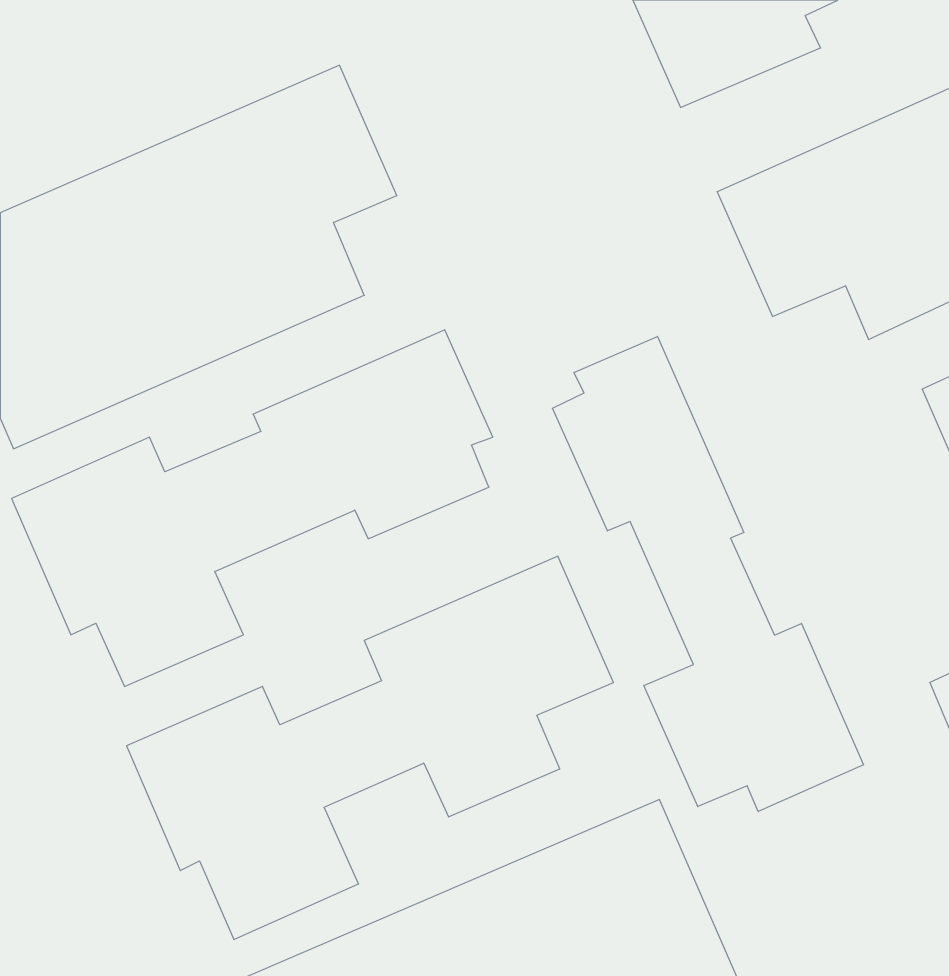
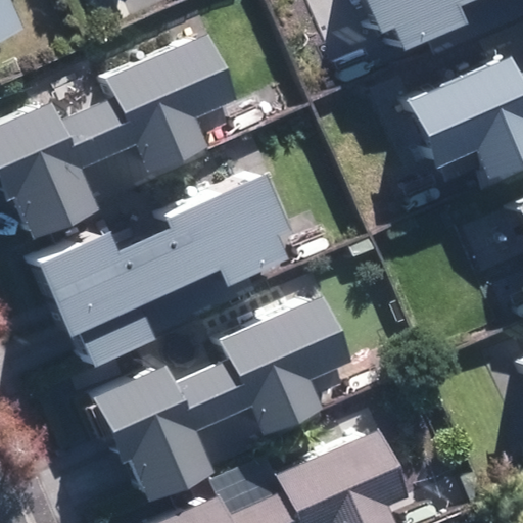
building: [552,336,863,812] -> none

